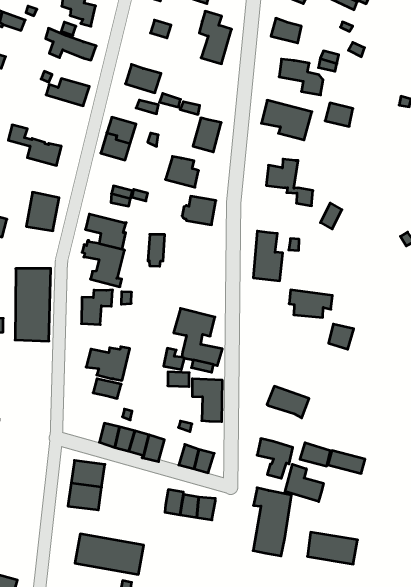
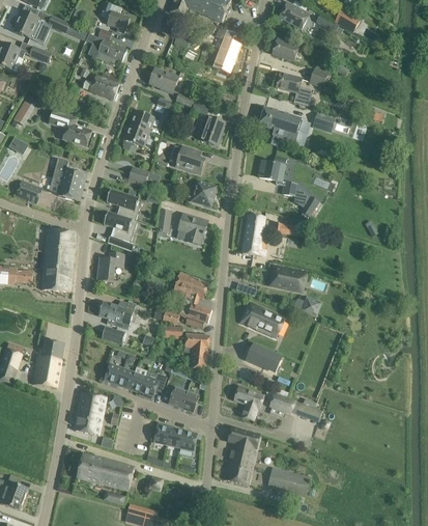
building: none -> [177,214,206,245]
building: none -> [240,302,285,337]
building: none -> [32,339,63,387]
building: [285,464,323,502] -> none

